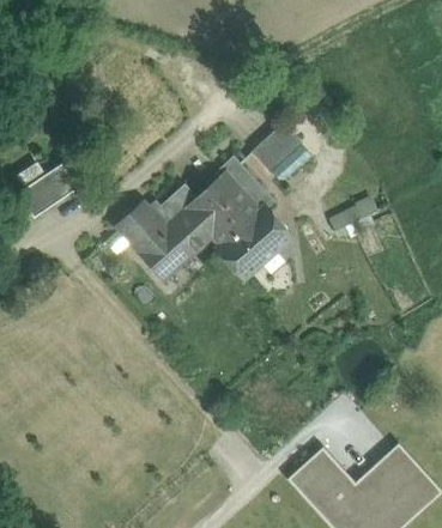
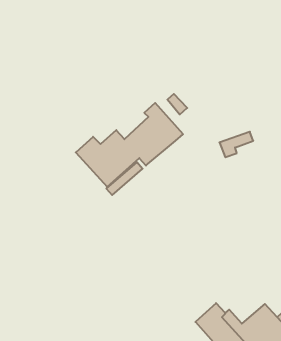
building: [260,125,301,164] -> none
building: [16,164,78,219] -> none
building: [218,212,287,278] -> none

